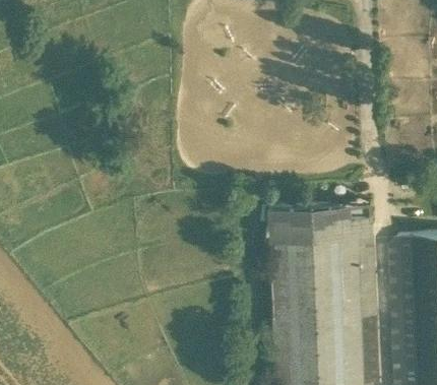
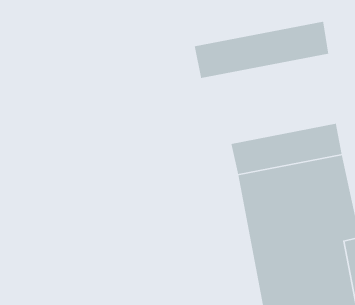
building: none -> [194,21,329,79]

